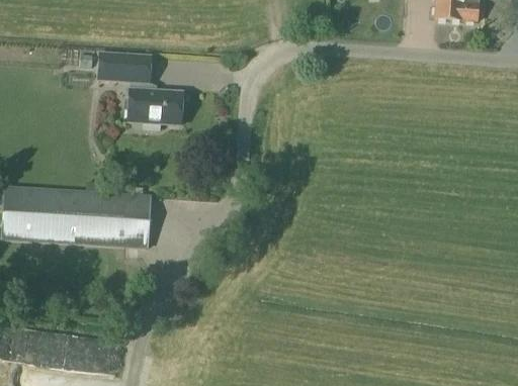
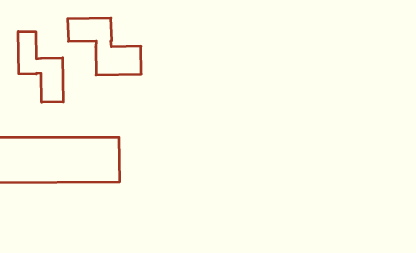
building: none -> [18,31,63,102]

